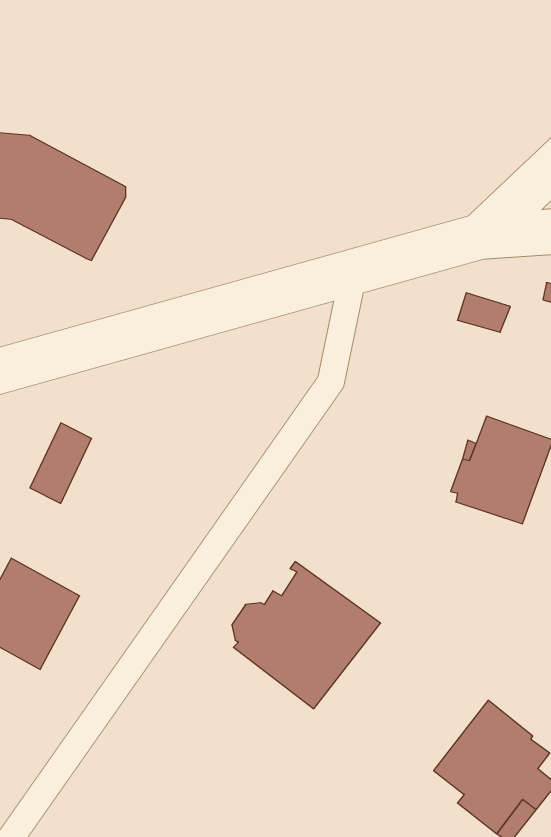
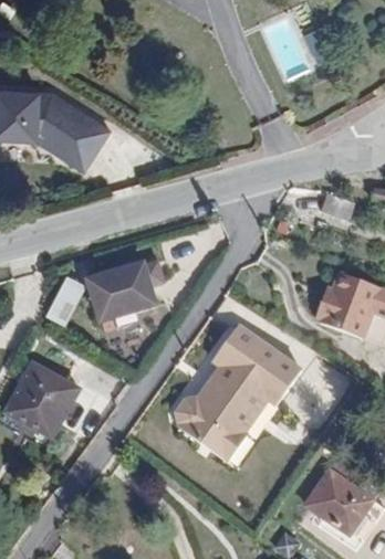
building: none -> [87,264,153,319]
building: none -> [211,321,300,407]

